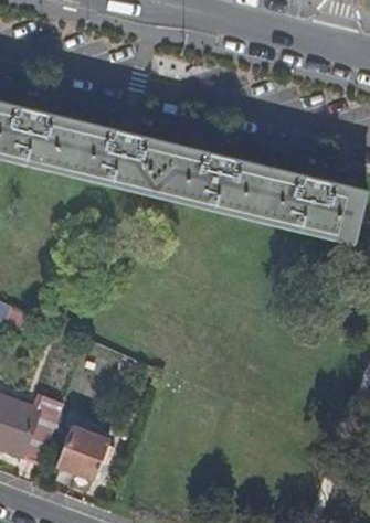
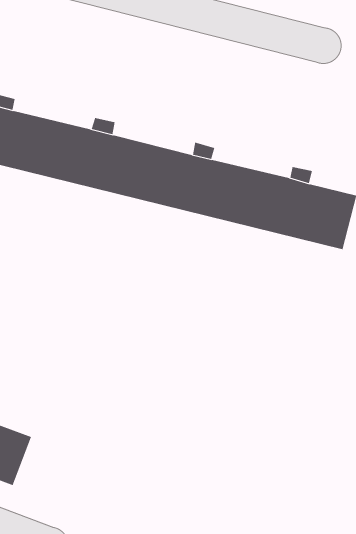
building: [54,427,107,481] -> none

